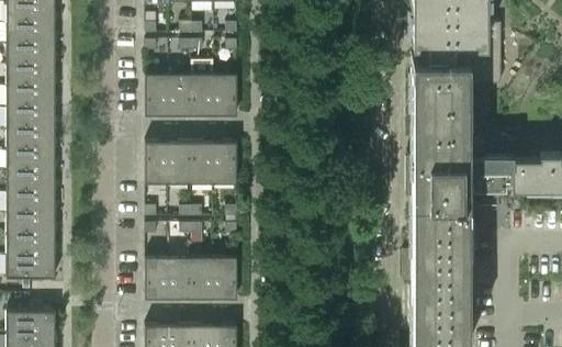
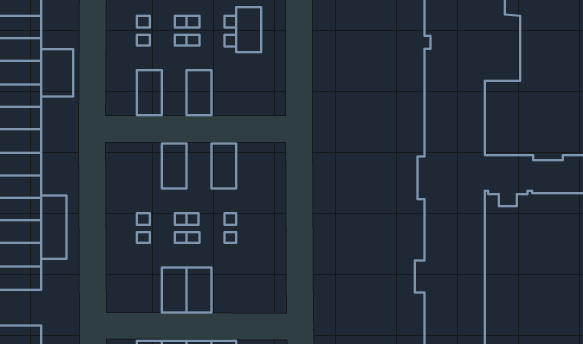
building: none -> [41,49,73,97]
building: [168,74,191,115] -> none
building: [214,74,237,115] -> [236,7,261,52]
building: [145,142,168,183] -> none
building: [191,142,214,183] -> none
building: none -> [41,196,66,259]
building: [145,257,168,299] -> none
building: [214,257,237,299] -> none

